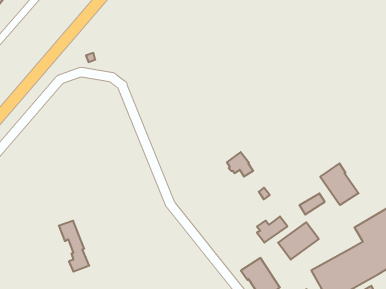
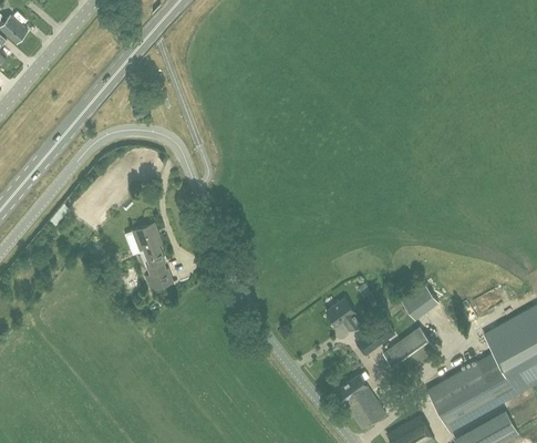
building: [227,152,253,177] -> [327,297,361,329]
building: [320,163,359,205] -> none
building: [59,221,89,272] -> [132,224,172,290]

